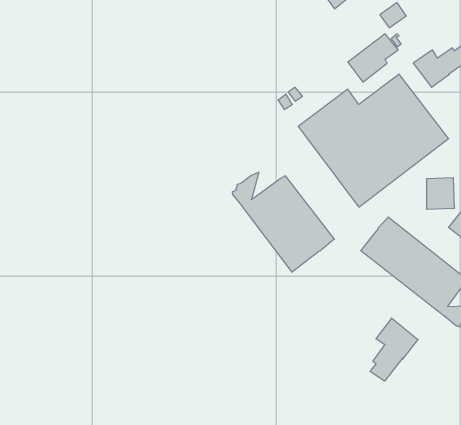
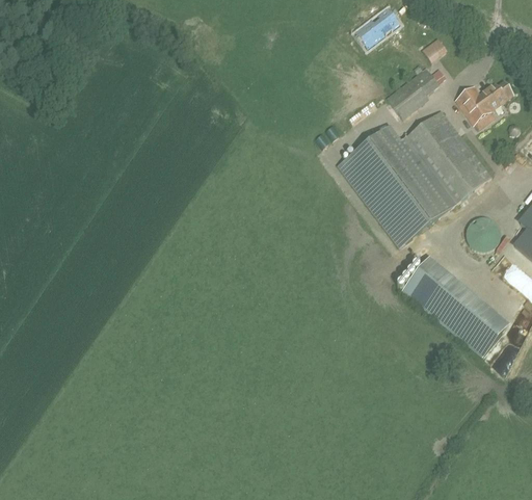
building: [232,172,334,272] -> none
building: [370,318,418,381] -> none

